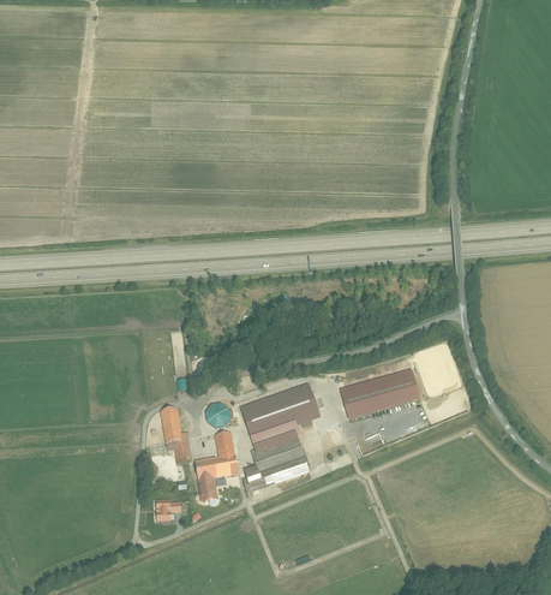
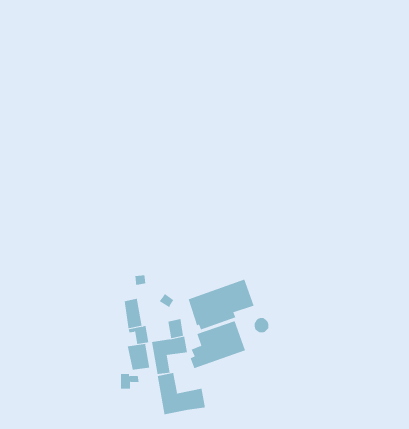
building: [334,368,418,418] -> none
building: none -> [127,343,150,371]
building: none -> [157,372,205,415]

